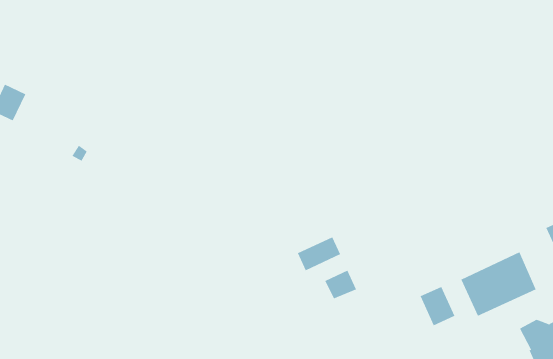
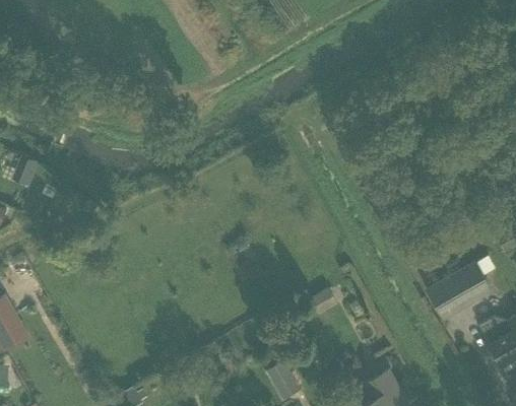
building: [297,236,341,271] -> none
building: [420,286,455,326] -> none

